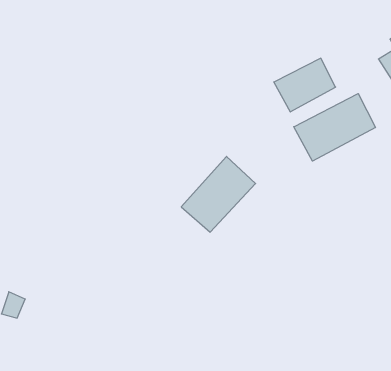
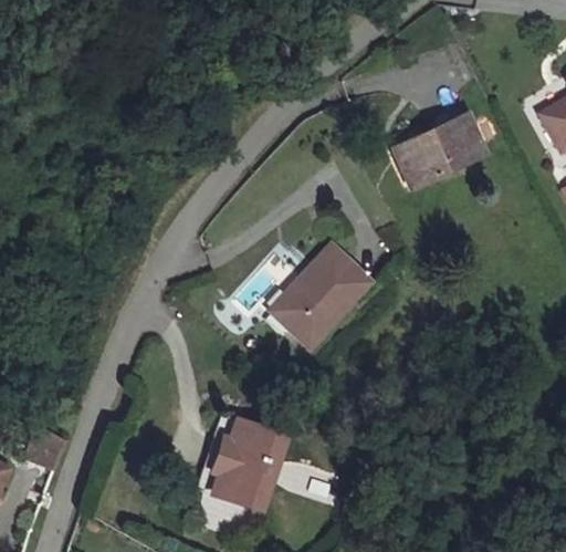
building: [294,94,375,161] -> none
building: none -> [201,416,289,510]

